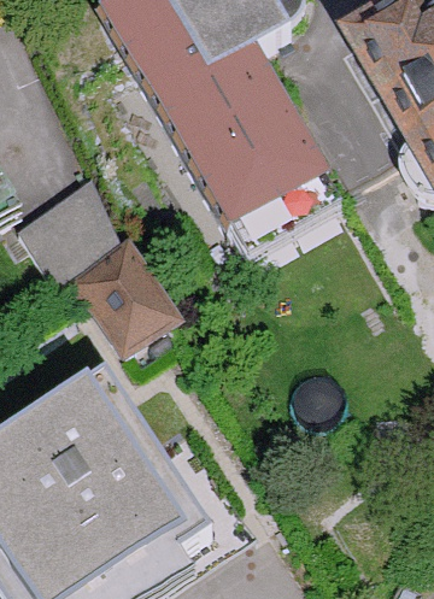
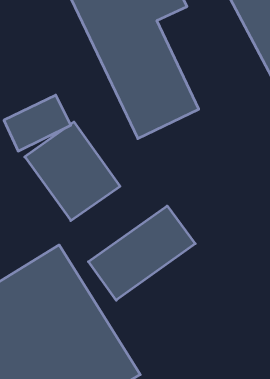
building: none -> [88,206,195,300]

